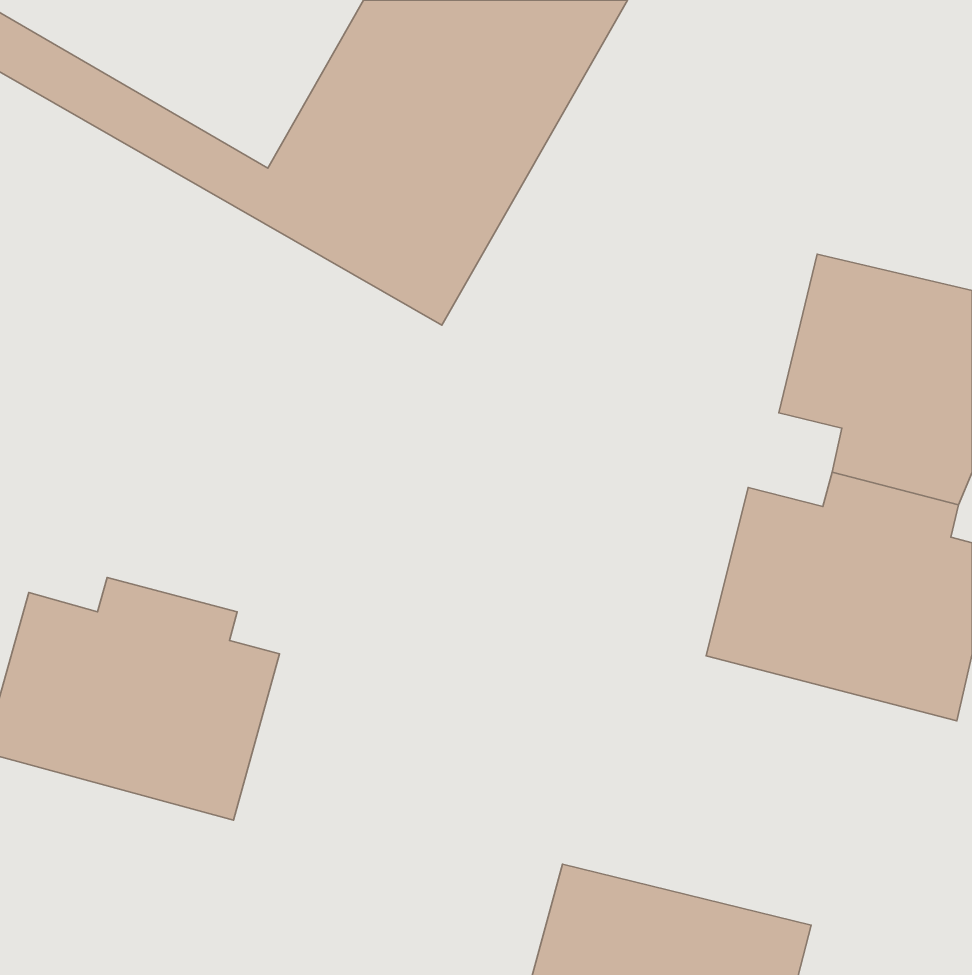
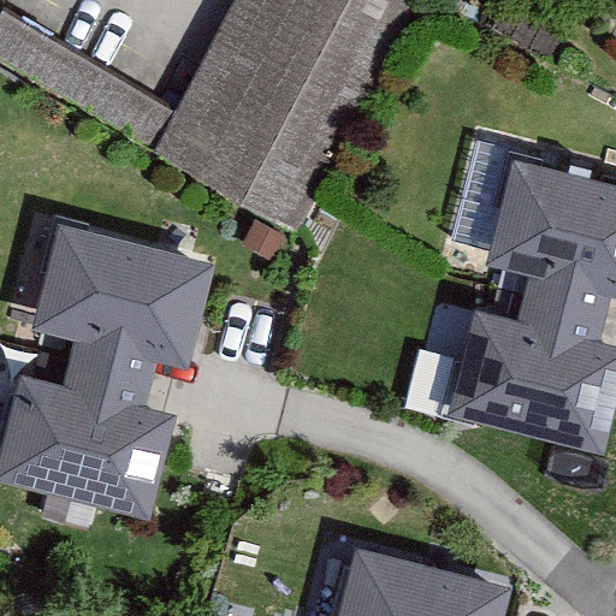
building: none -> [36,226,213,386]

